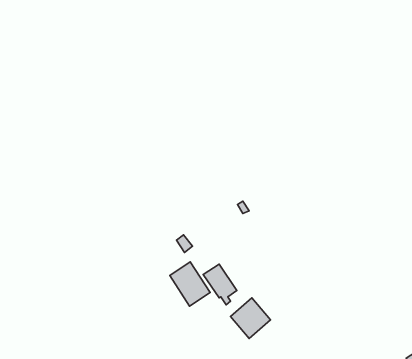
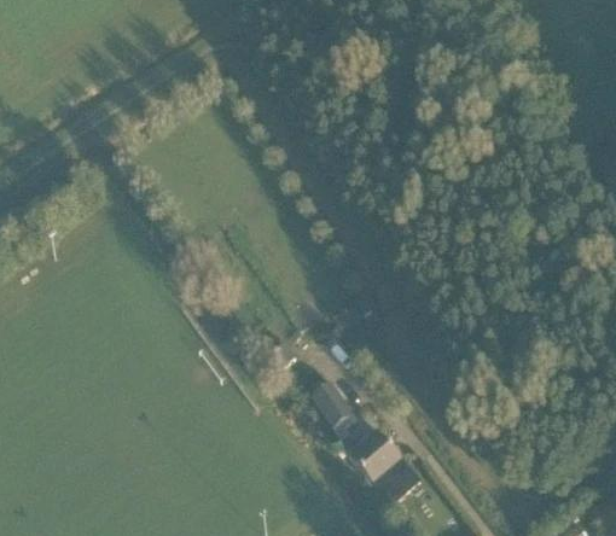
building: [170,262,210,306] -> none

